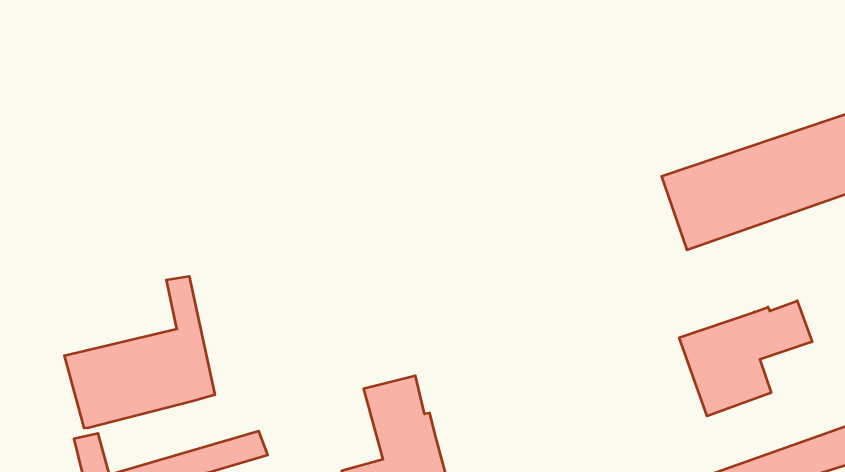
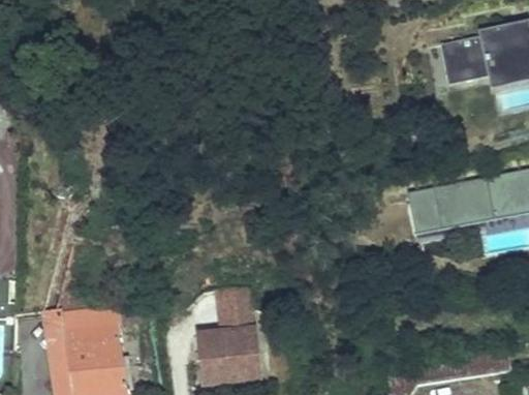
building: [64,276,215,428] -> none
building: [679,301,812,416] -> none

